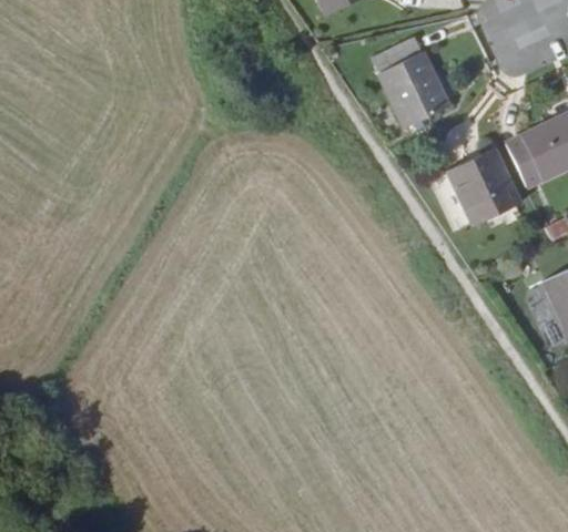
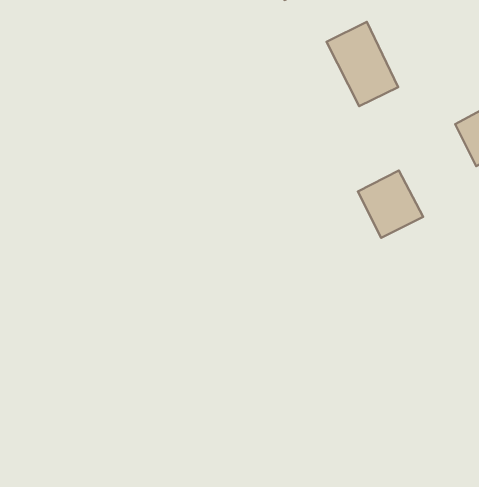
building: [450,152,519,223] -> [358,170,423,238]

